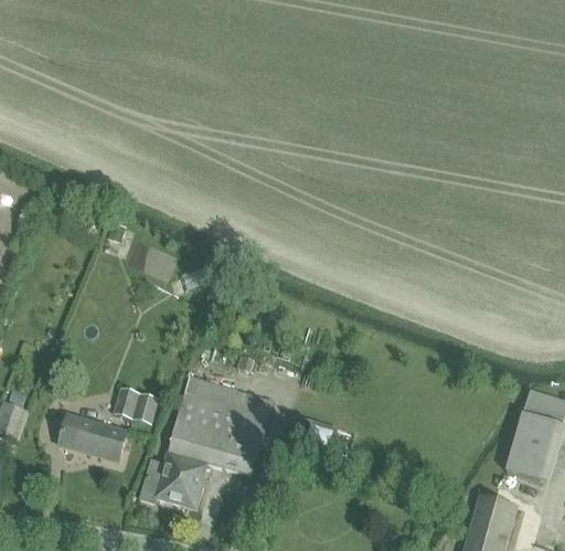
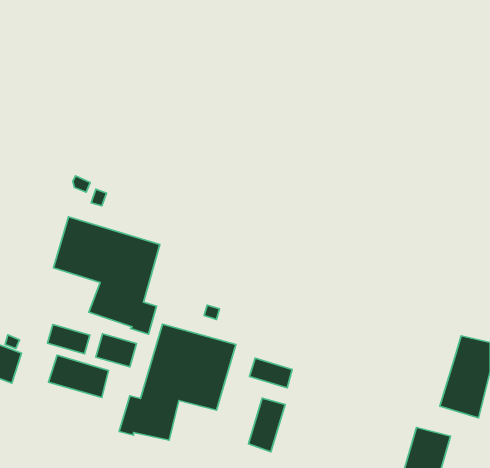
building: none -> [54,217,160,334]
building: none -> [48,324,90,354]
building: none -> [249,398,285,452]

